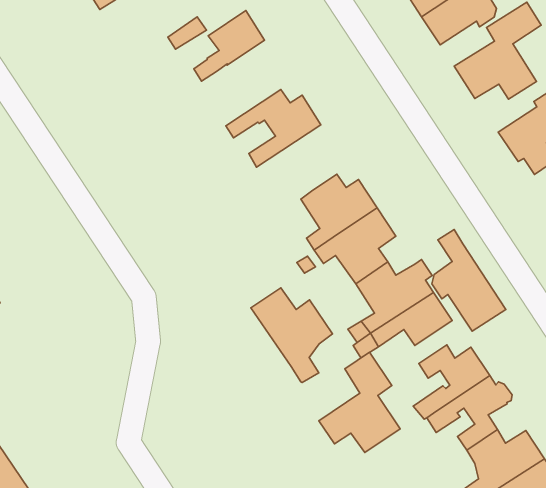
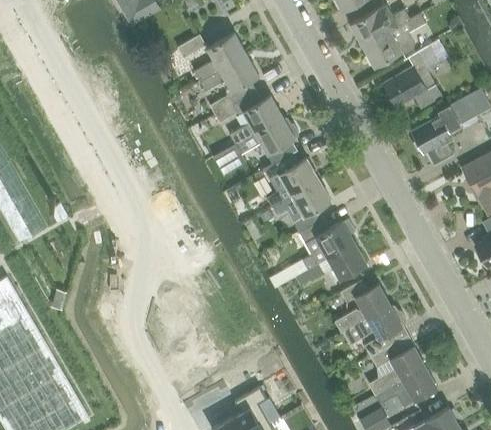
building: none -> [201,55,260,114]
building: none -> [222,118,300,165]
building: [432,230,506,331] -> none
building: [251,288,332,383] -> none
building: [319,352,400,452] -> none

